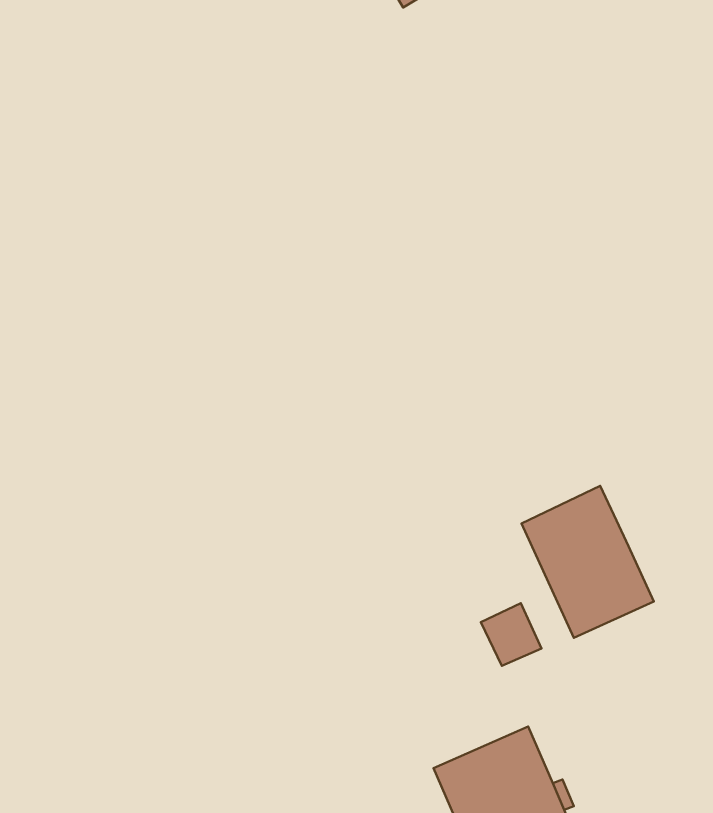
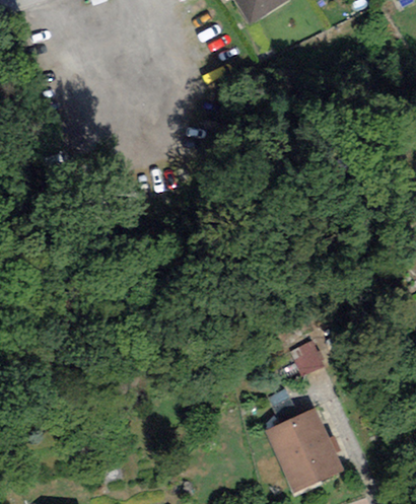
building: [522,486,654,638] -> none

